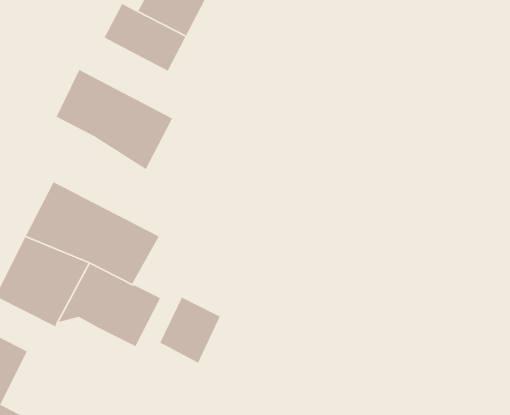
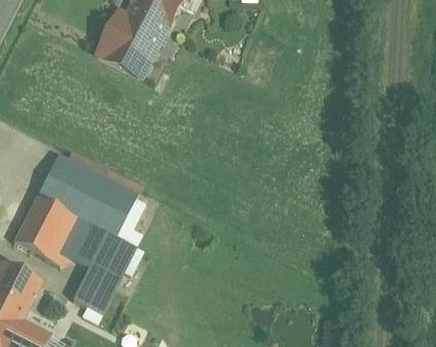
building: [55,69,173,170] -> none
building: [159,296,221,364] -> [75,261,120,310]

